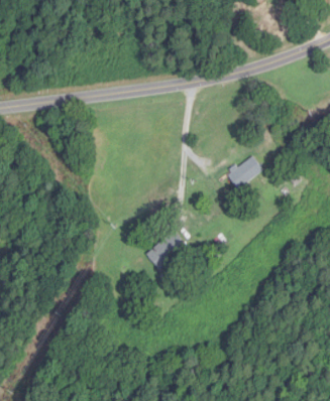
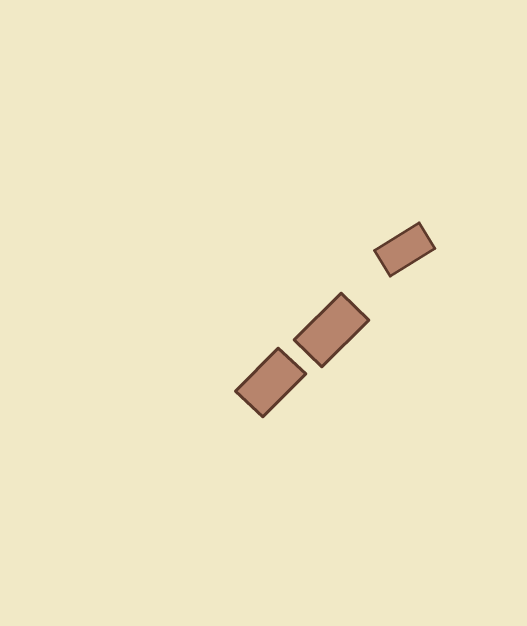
building: none -> [294,293,369,367]

